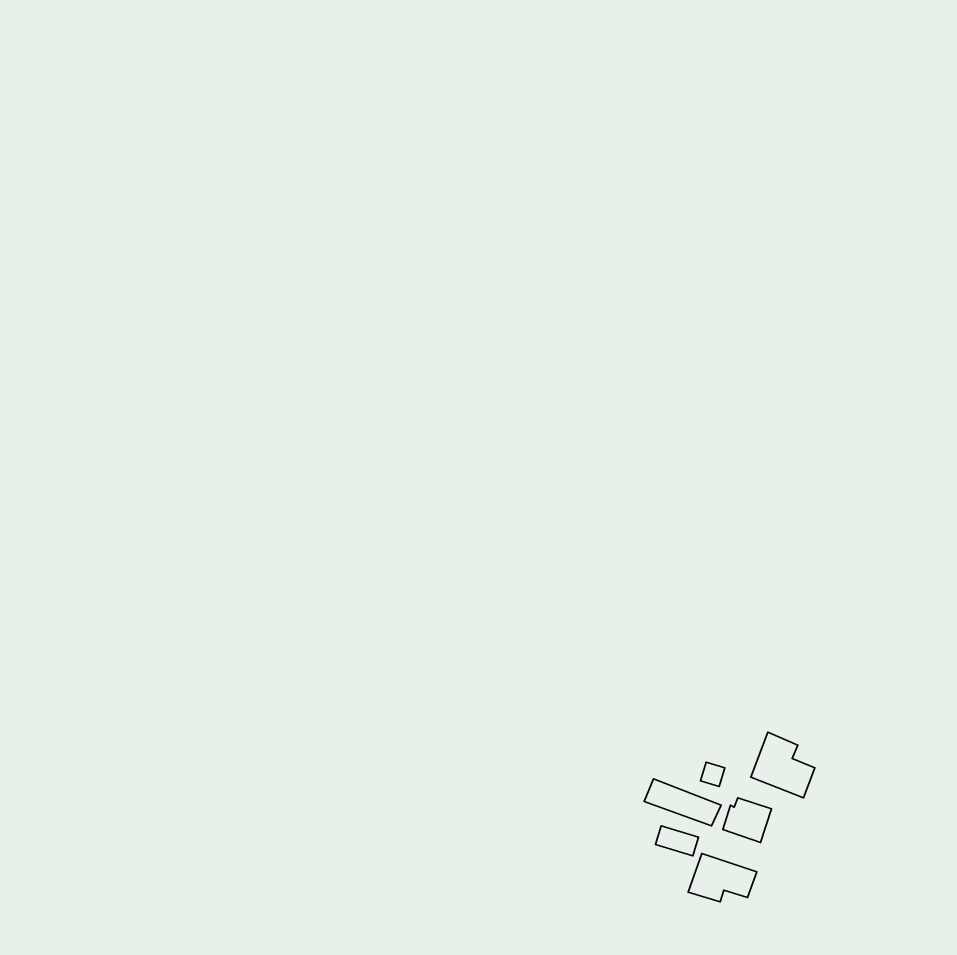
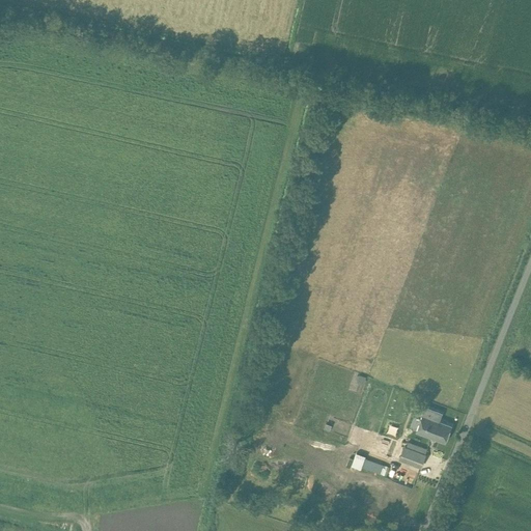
building: [688,854,757,902] -> none

